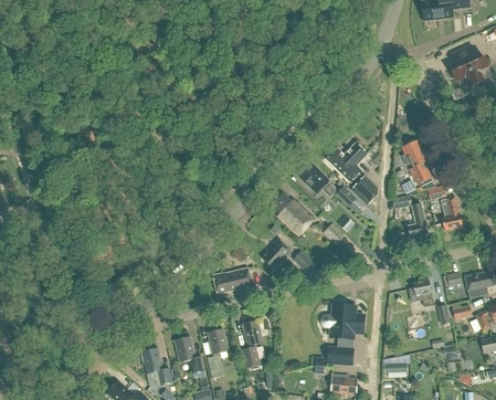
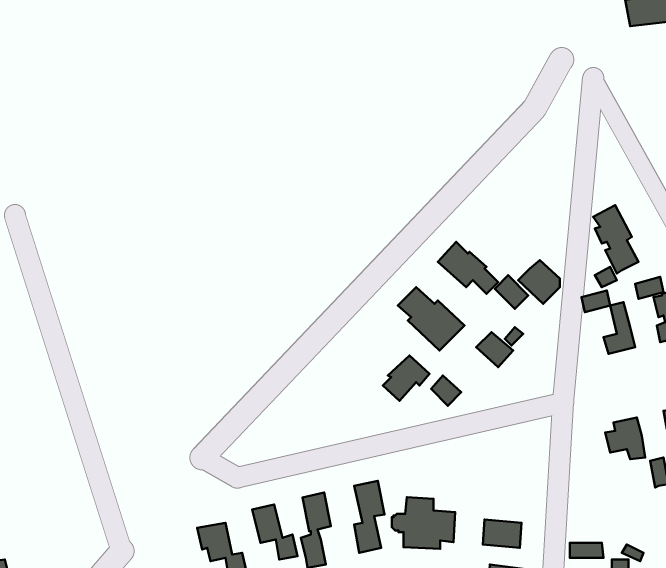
building: [327,144,368,182] -> none
building: [213,267,253,294] -> none
building: [323,305,365,339] -> [392,497,455,549]

